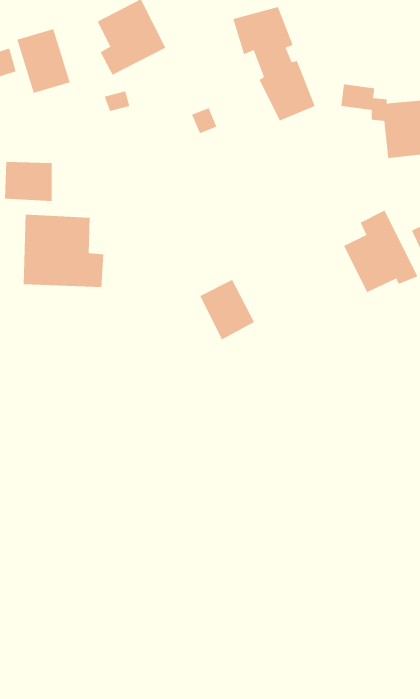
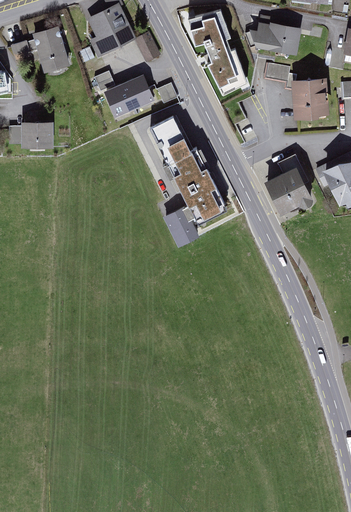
building: none -> [246,18,302,56]
building: none -> [101,73,156,118]
building: none -> [149,115,231,223]
building: [23,214,104,288] -> none

